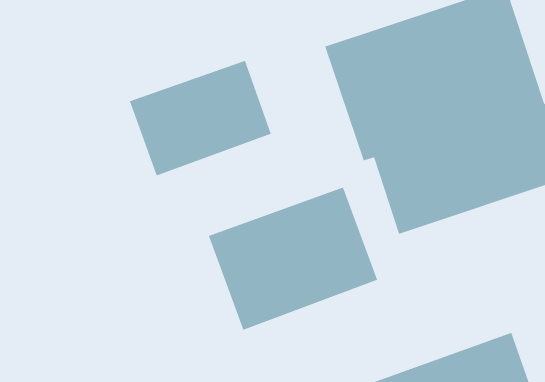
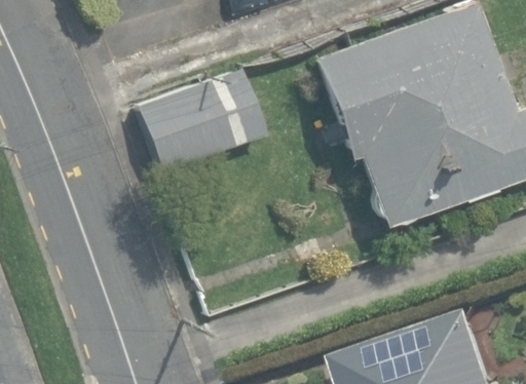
building: [208,187,378,331] -> none

